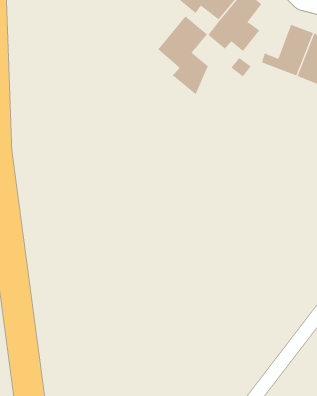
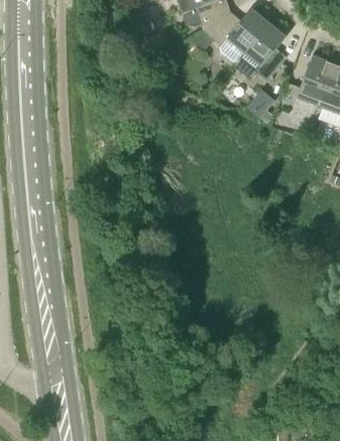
building: [158,16,208,95] -> none

